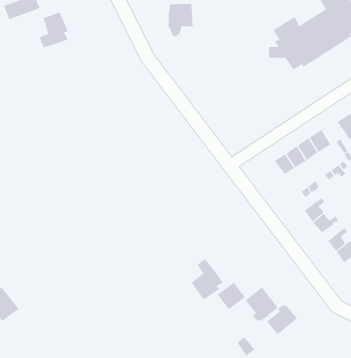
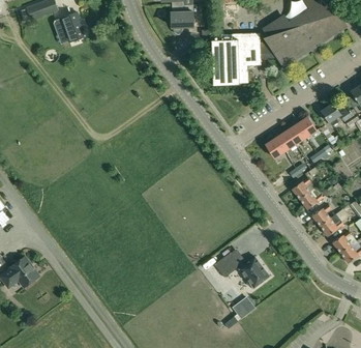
building: none -> [211,32,260,86]
building: [190,258,224,300] -> none
building: [266,304,298,335] -> none

